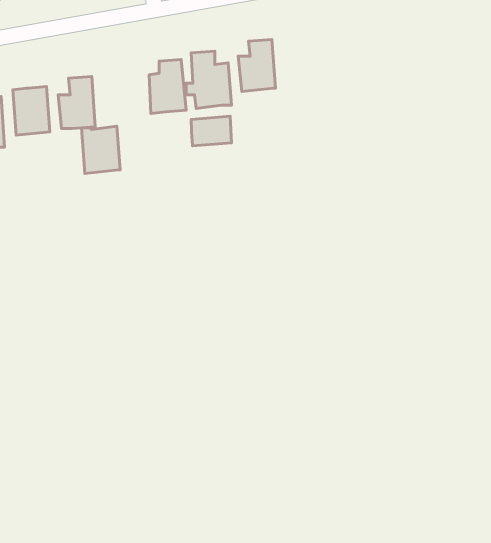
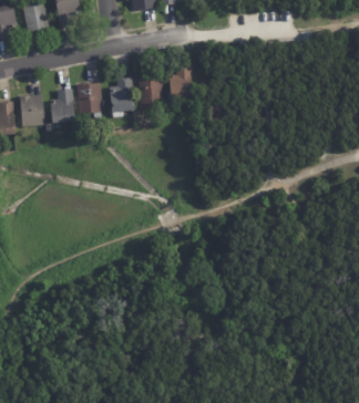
building: [191,116,232,146] -> none
building: [82,126,120,173] -> [76,82,102,113]

